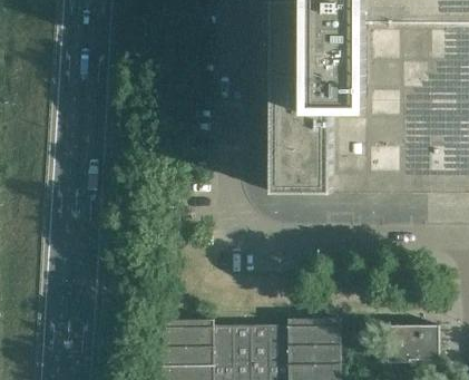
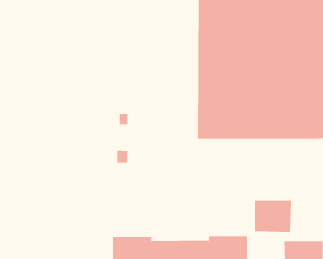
building: none -> [254,200,292,233]

